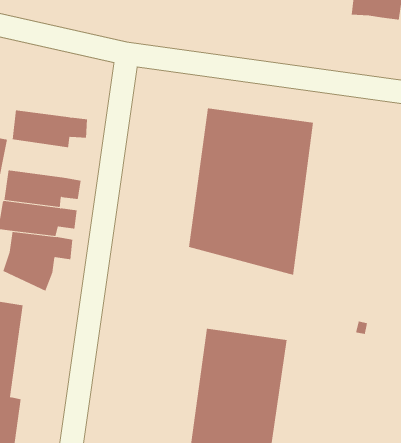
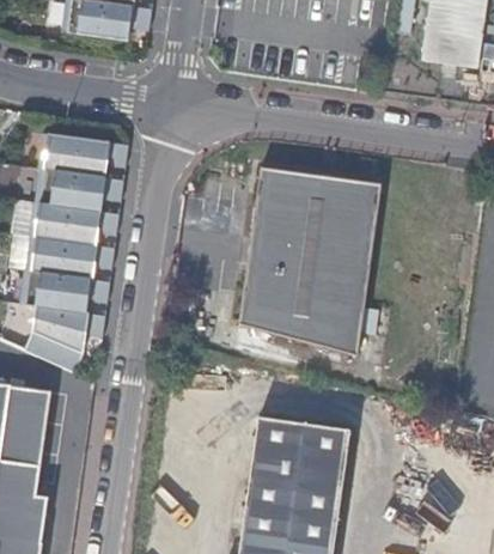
building: none -> [39,134,128,177]
building: none -> [31,202,122,245]

